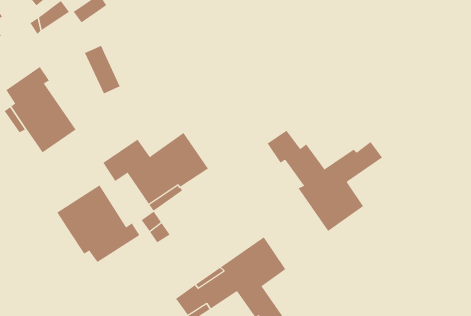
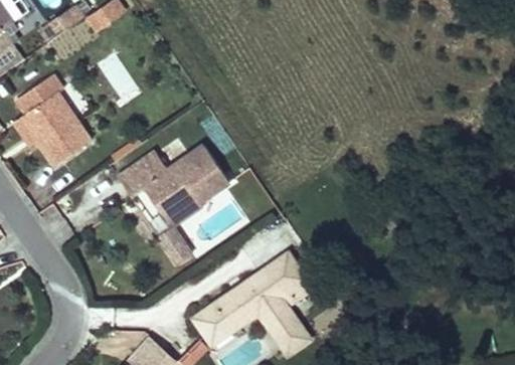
building: [267,130,383,232] -> none
building: [57,185,140,263] -> none

